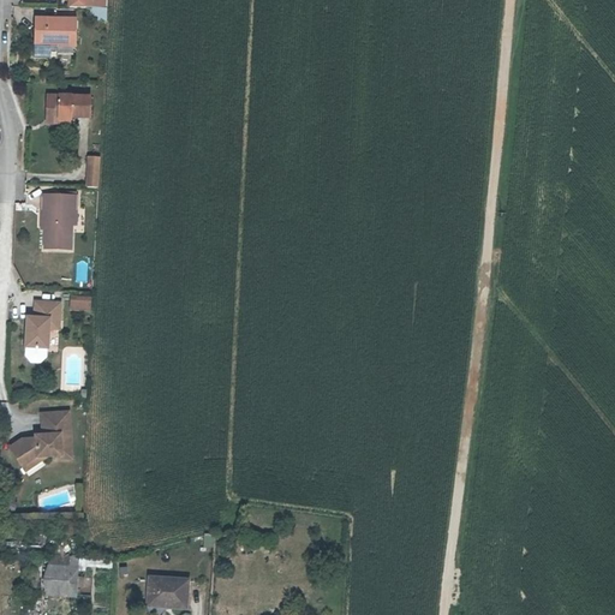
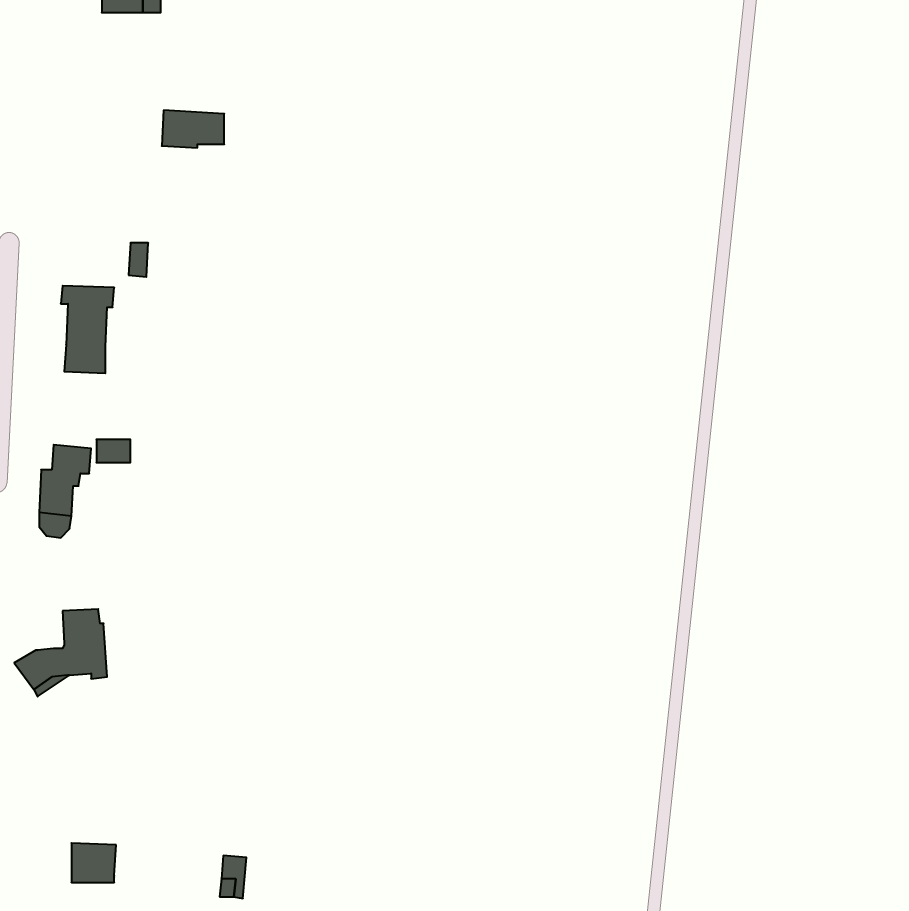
building: [36,18,77,46] -> none
building: [46,94,88,119] -> [162,110,224,148]
building: [163,577,184,607] -> none

